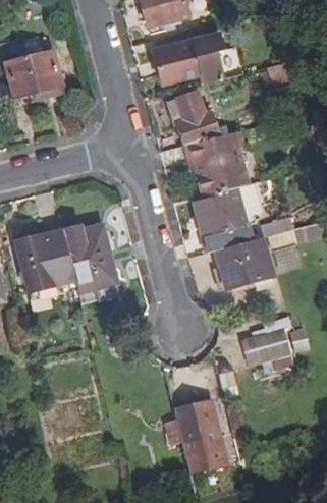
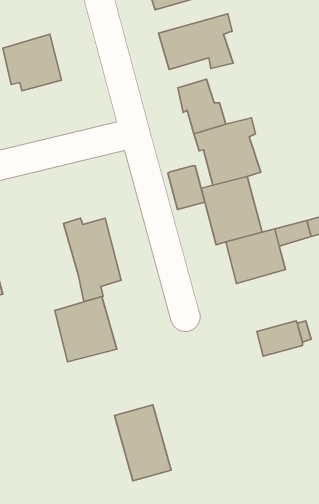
building: none -> [168,166,205,210]
building: [17,230,76,292] -> [55,297,117,362]
building: [176,404,230,477] -> [115,405,171,481]

